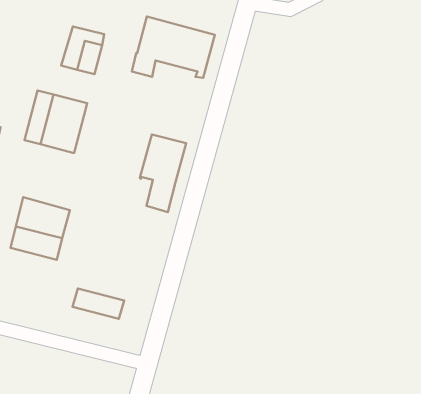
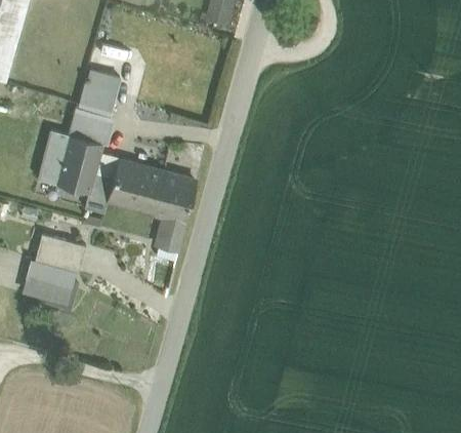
building: [132,16,215,78] -> [83,155,162,213]
building: none -> [69,107,108,143]
building: [72,289,124,319] -> [23,280,72,309]

